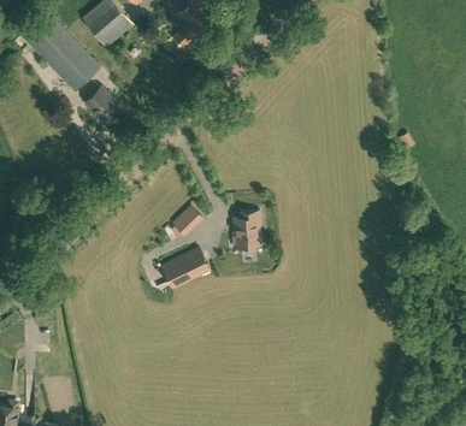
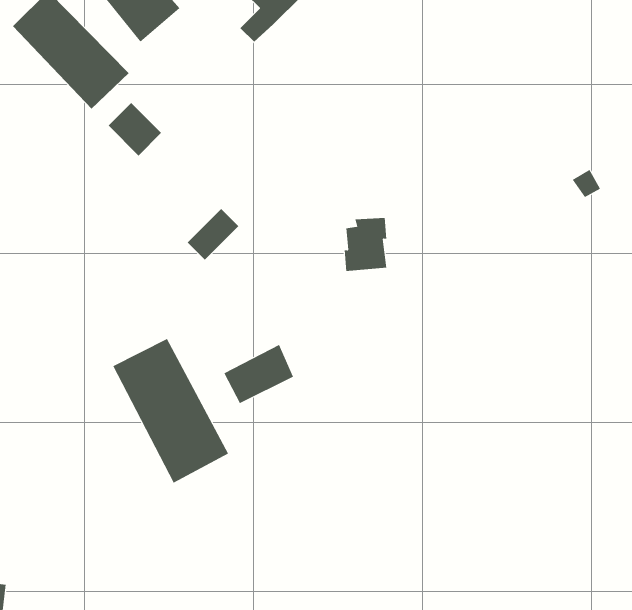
building: [167,205,202,239] -> [187,208,239,260]
building: [232,212,261,248] -> [344,217,387,272]
building: none -> [113,338,229,483]

